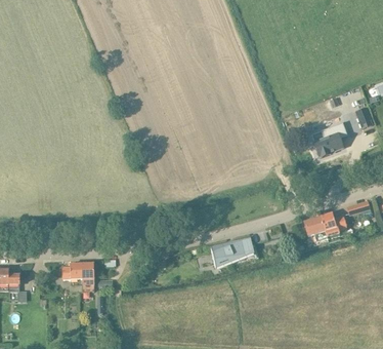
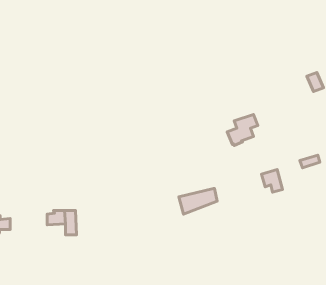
building: [312,122,347,157] -> [227,115,258,145]
building: [321,214,345,239] -> none

